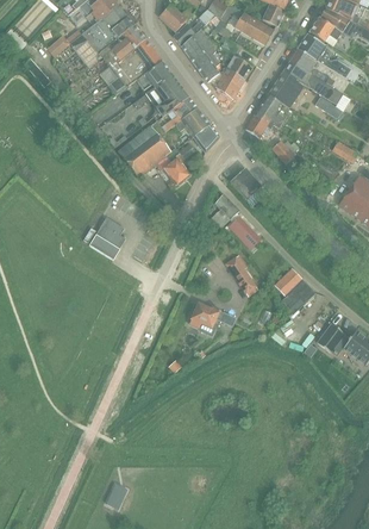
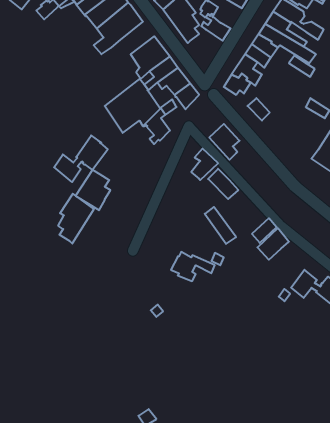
building: [136,58,171,93] -> none
building: [209,67,244,98] -> none
building: none -> [54,135,108,182]
building: none -> [58,194,94,244]

